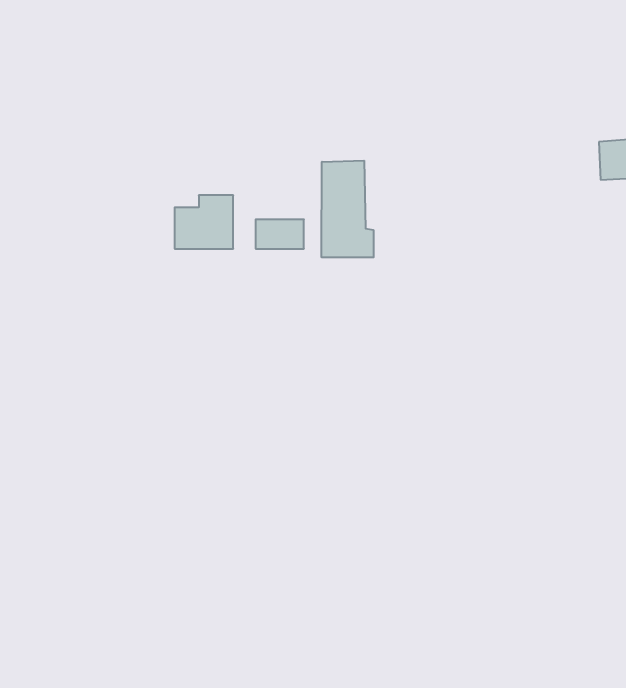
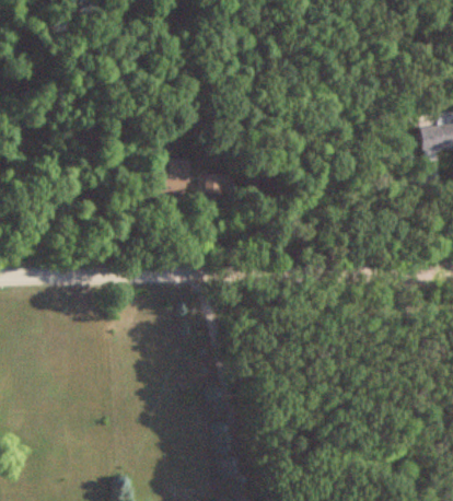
building: [322,161,374,257] -> none

